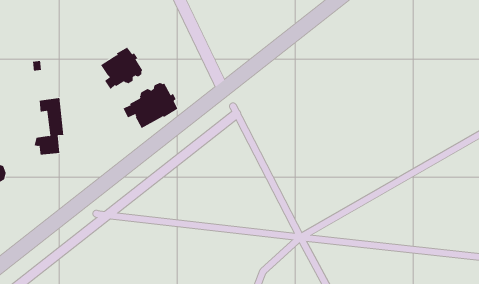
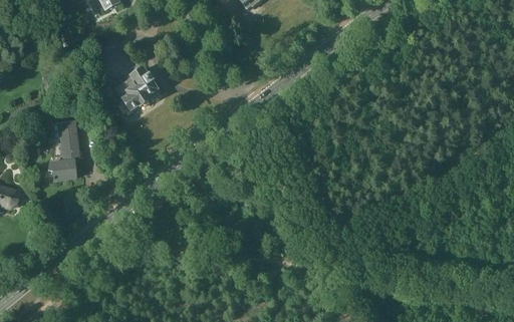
building: [123,82,178,129] -> none

